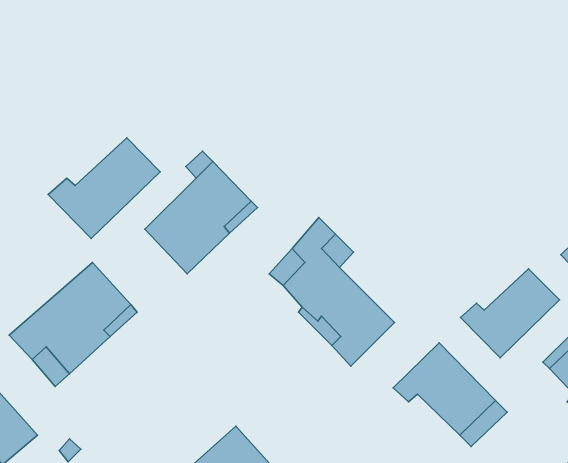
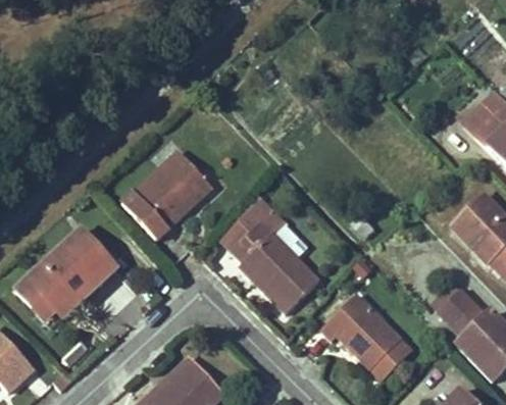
building: [48,138,160,239] -> none
building: [460,269,559,358] -> none

